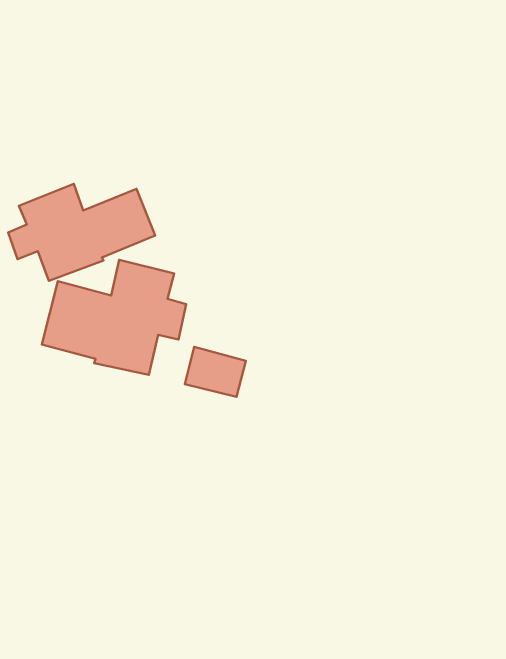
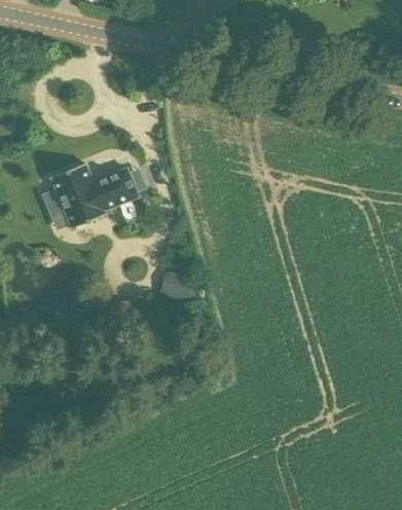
building: [42,260,186,375] -> none

